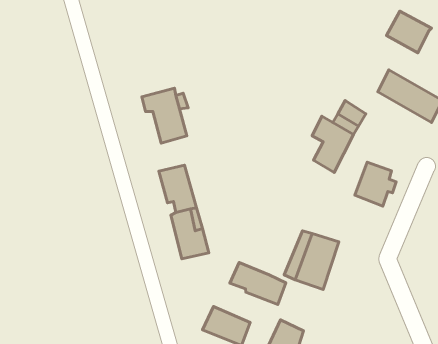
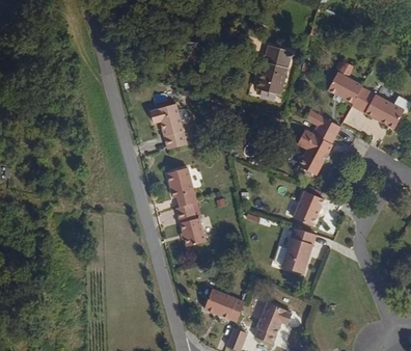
building: [386,11,431,53] -> [324,71,362,106]
building: none -> [257,42,295,91]
building: [355,162,396,206] -> [292,189,327,226]
building: [230,262,286,304] -> none

